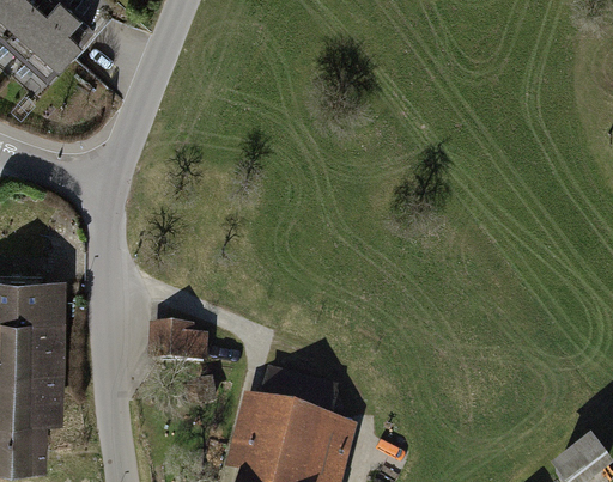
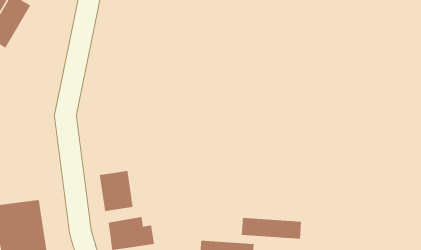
building: none -> [99,170,133,212]
building: none -> [241,217,301,240]

